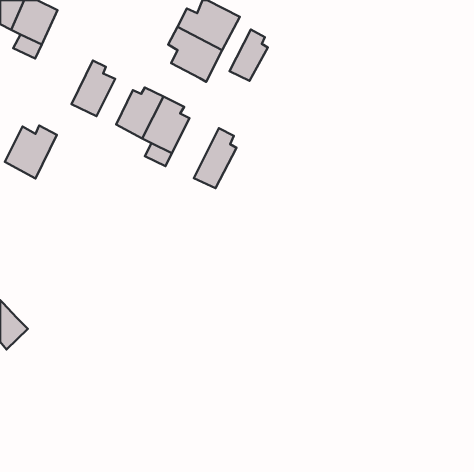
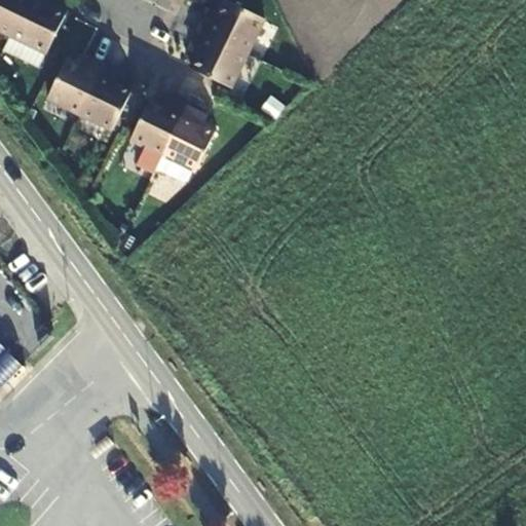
building: [229,30,268,81] -> none
building: [5,126,57,178] -> [46,60,104,118]
building: [194,128,237,188] -> none

